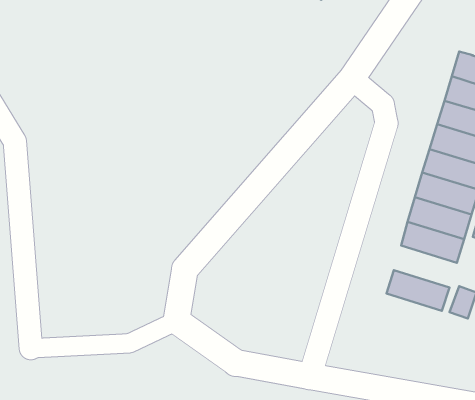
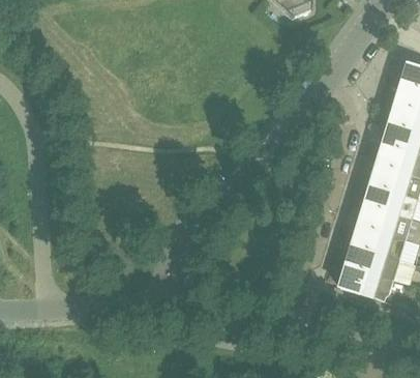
building: none -> [352,223,404,258]
building: none -> [339,263,392,299]

